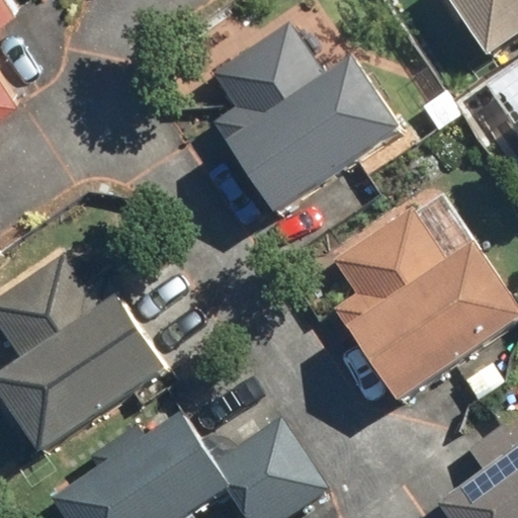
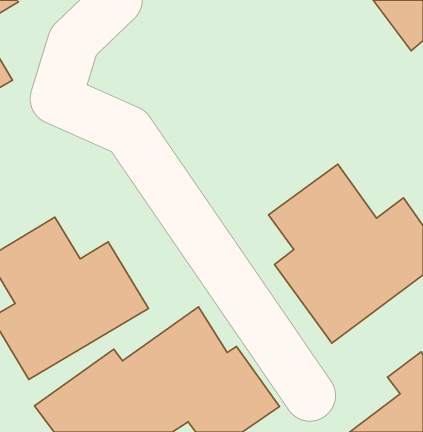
building: [214,21,408,215] -> none

